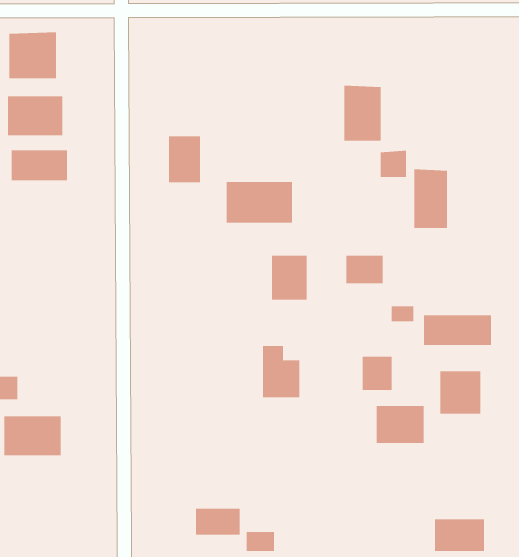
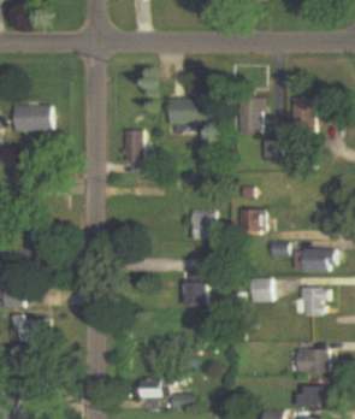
building: [9,32,57,79] -> none
building: [11,150,68,181] -> none
building: [413,169,448,228] -> [292,96,315,136]
building: [226,182,293,223] -> [167,98,212,125]
building: [376,406,425,444] -> [296,348,329,373]

